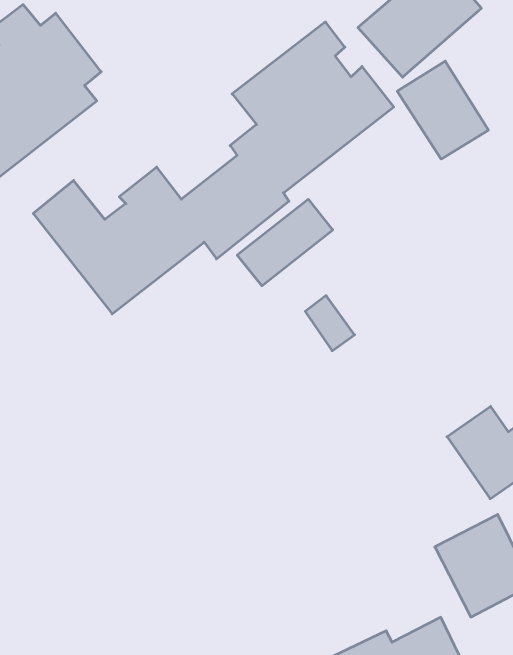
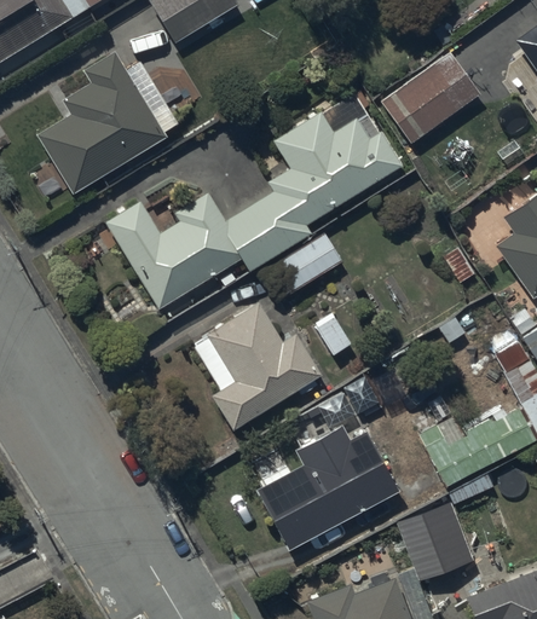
building: [397,61,488,159] -> none
building: none -> [195,301,322,430]
building: none -> [256,424,399,548]

